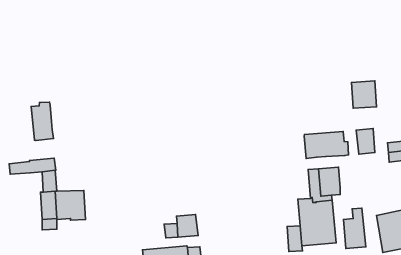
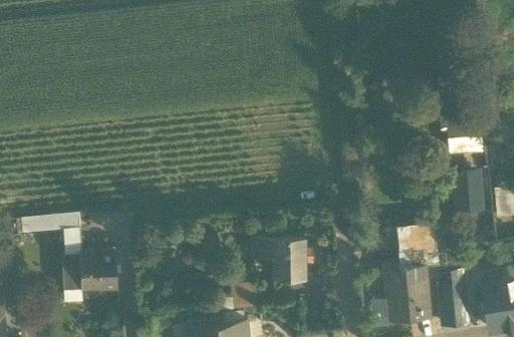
building: [31,102,53,141] -> none
building: [304,131,348,158] -> none
building: none -> [255,238,306,279]

